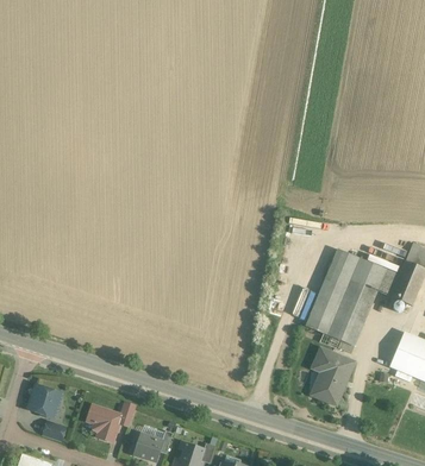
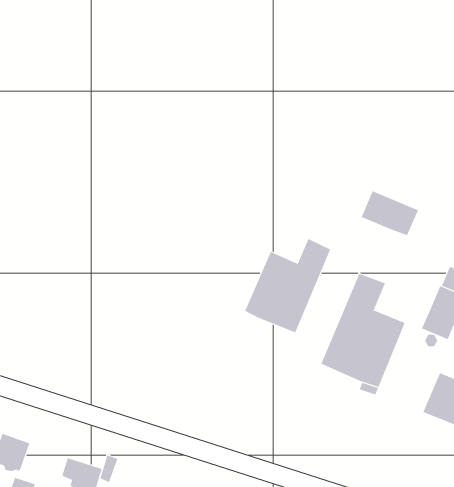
building: none -> [245,238,331,333]
building: [349,258,398,296] -> [361,190,419,236]
building: [311,348,351,404] -> none

